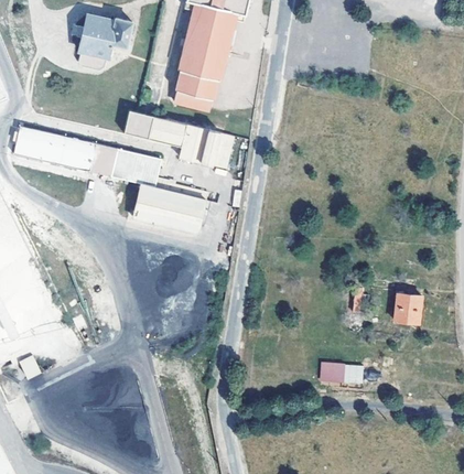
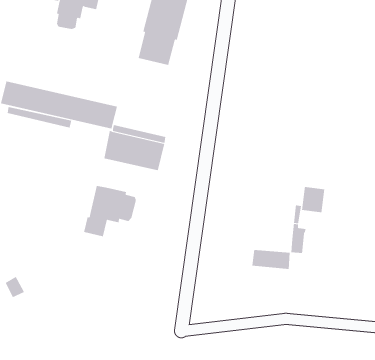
building: [123,109,233,166] -> none
building: none -> [83,185,136,237]
building: [393,293,421,324] -> [301,186,325,213]
building: [319,362,364,385] -> [252,250,290,269]

